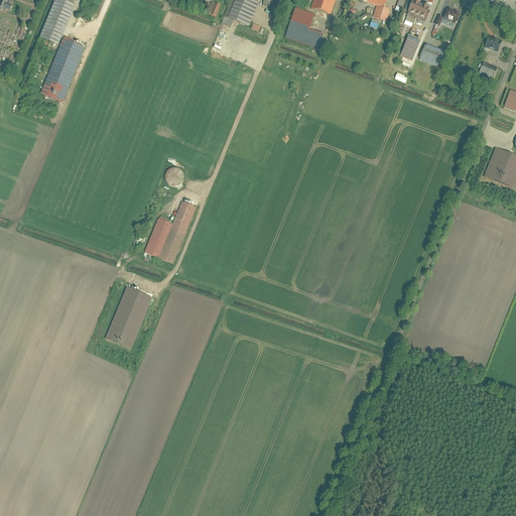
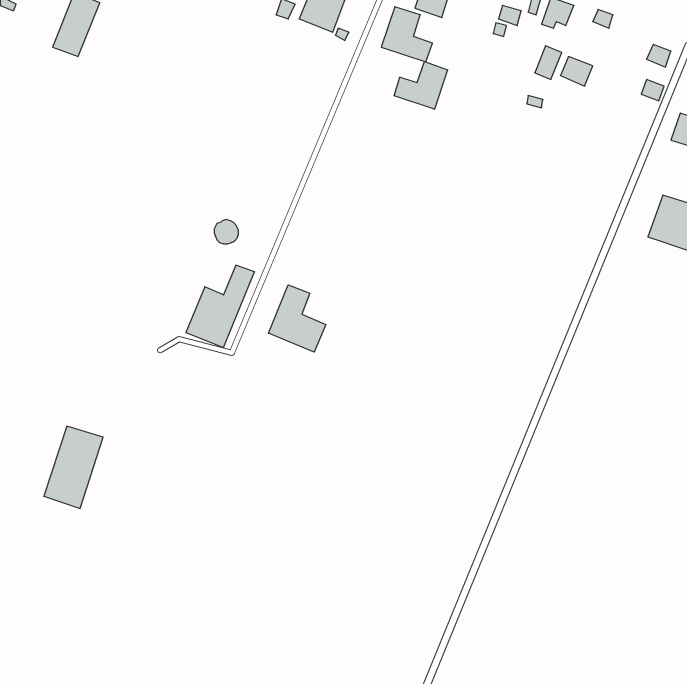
building: [41,36,86,99] -> none
building: none -> [394,62,448,109]
building: none -> [268,285,326,352]
building: [107,286,151,348] -> [44,426,103,508]

